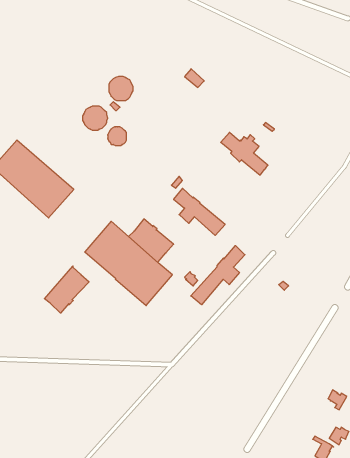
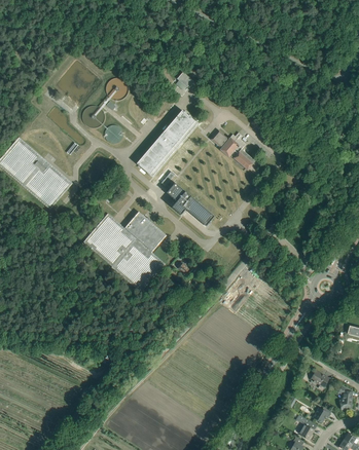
building: none -> [136,110,198,178]
building: [191,246,245,305] -> none
building: [44,266,89,313] -> none

